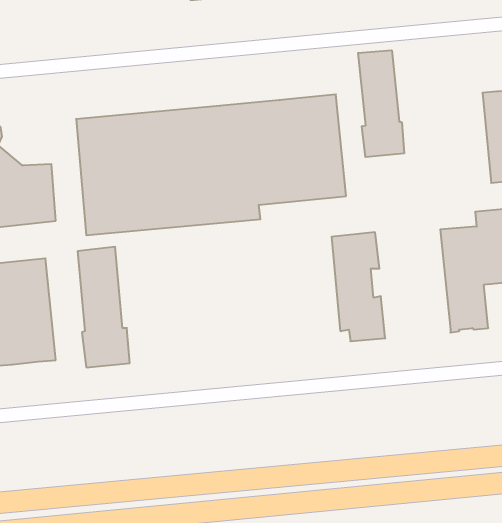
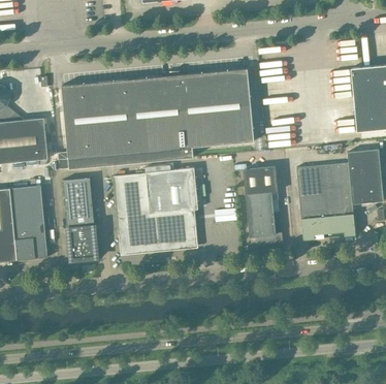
building: [358,50,404,157] -> none
building: none -> [295,164,328,241]
building: none -> [114,167,198,253]

